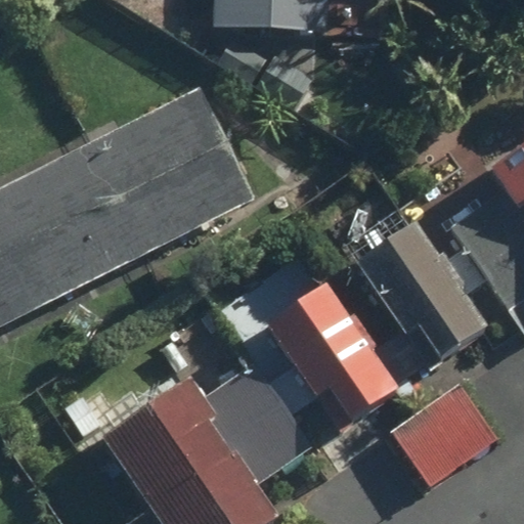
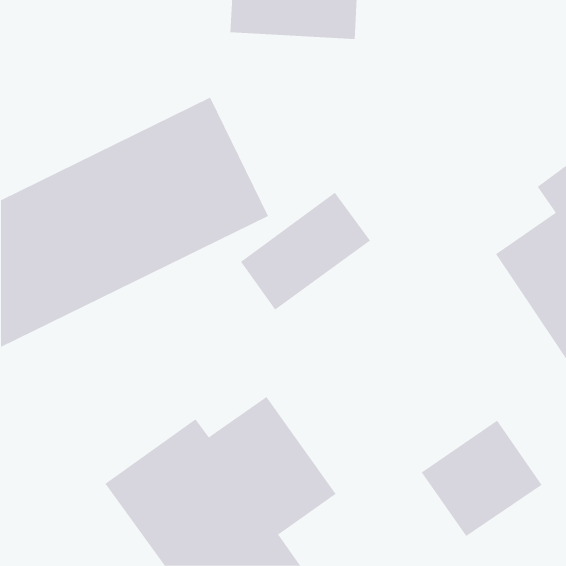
building: none -> [240,192,371,311]
building: [353,228,488,377] -> none
building: [262,286,400,429] -> none

